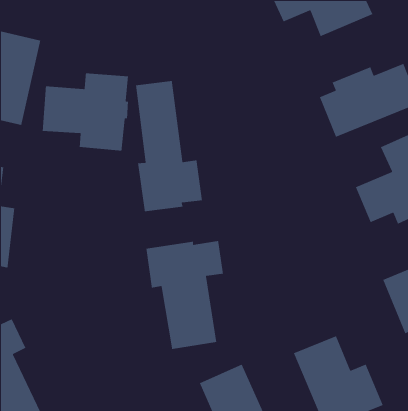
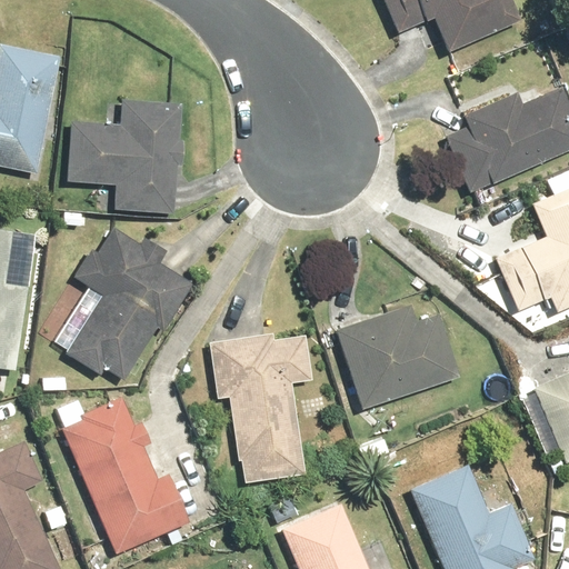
building: [135,80,203,212] -> none
building: none -> [66,228,193,378]
building: none -> [333,303,460,409]
building: none -> [59,392,191,555]

